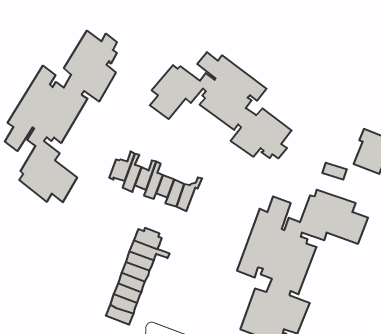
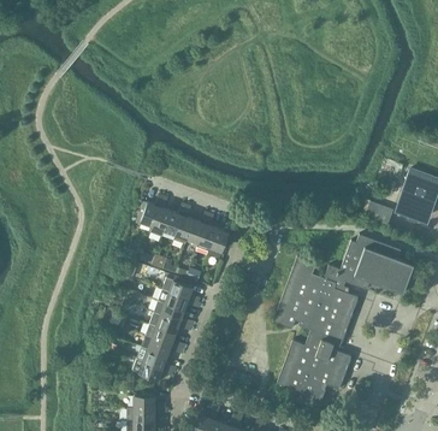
building: [5,31,117,202] -> none
building: [150,52,292,158] -> none

